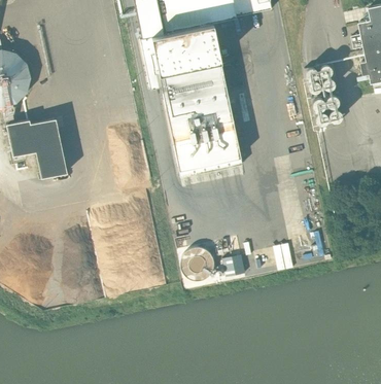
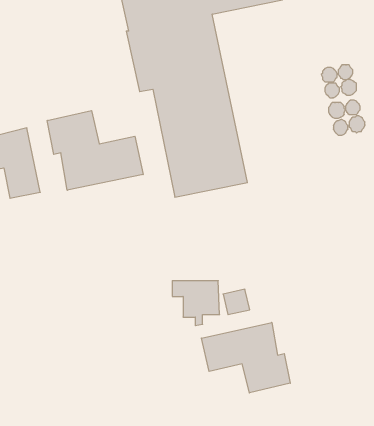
building: none -> [47,111,143,190]
building: none -> [201,322,290,393]

